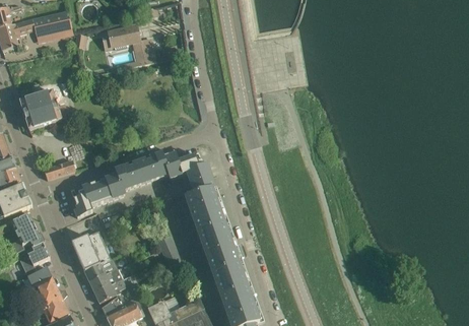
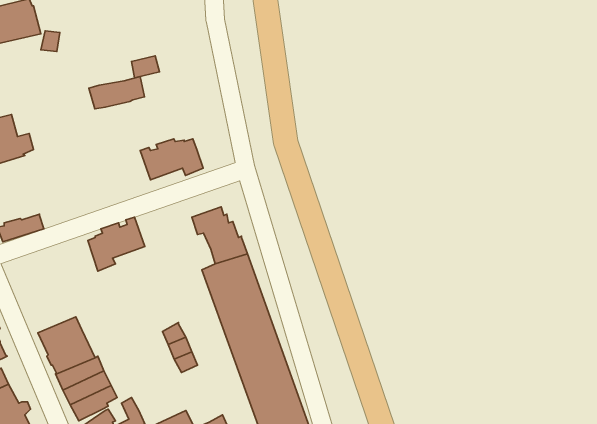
building: [99,24,138,47] -> [89,76,145,109]
building: [137,152,181,181] -> [140,139,203,180]
building: [72,177,112,215] -> none

